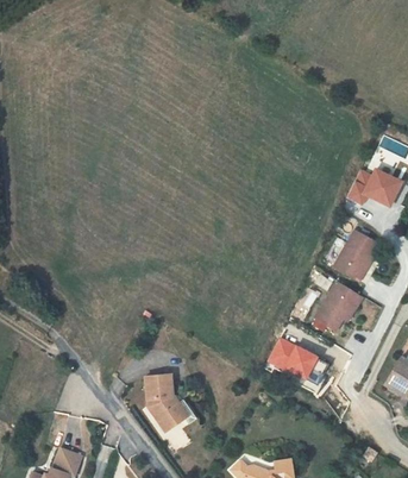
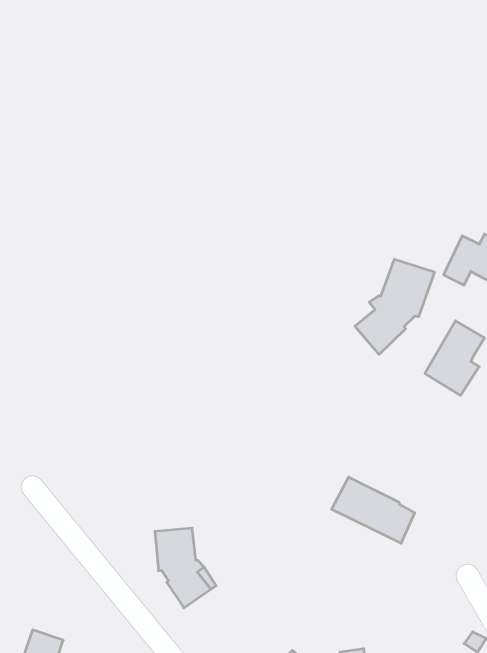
building: none -> [355,259,434,354]
building: [314,282,363,331] -> none

